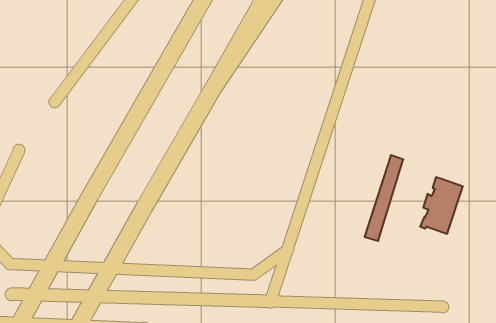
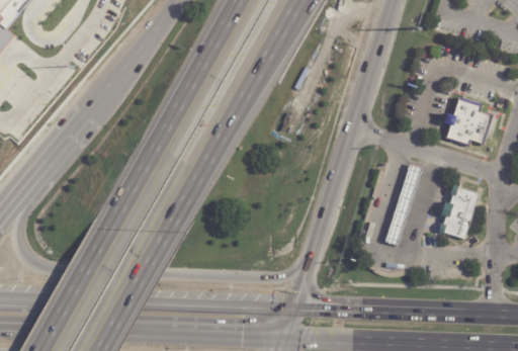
building: none -> [445,99,494,146]

